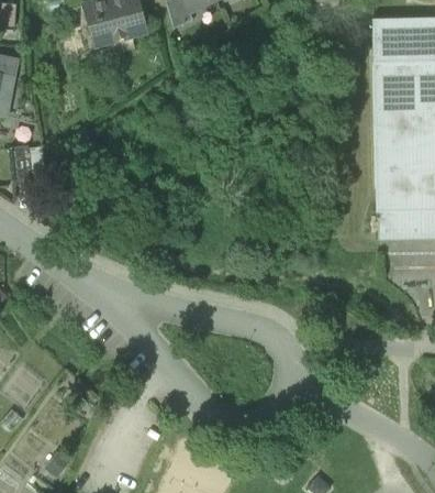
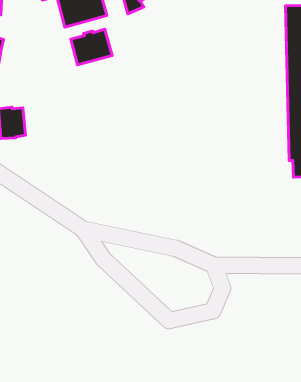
building: none -> [71,29,112,65]

